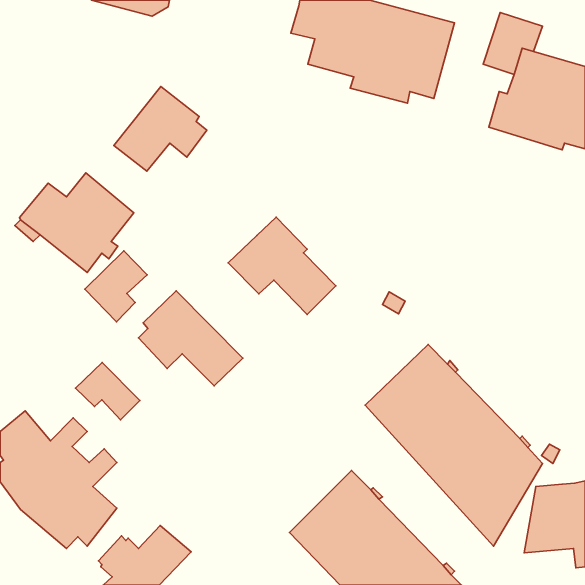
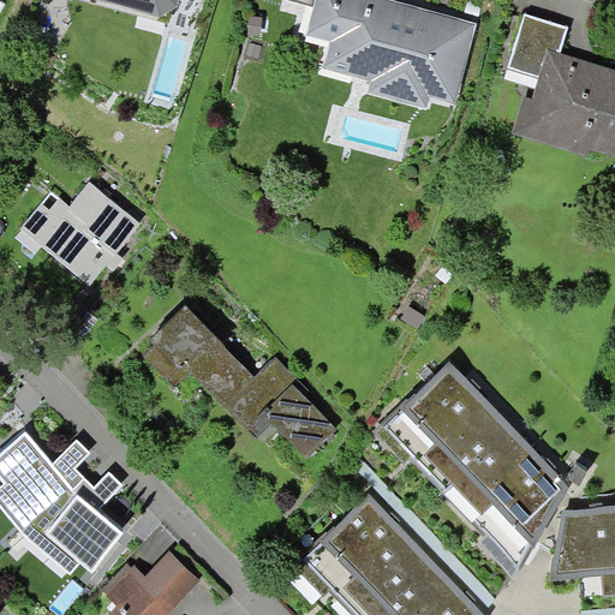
building: [114,87,207,171] -> none
building: [228,217,336,314] -> [225,357,338,459]
building: [85,251,147,322] -> none
building: [75,362,140,420] -> none

